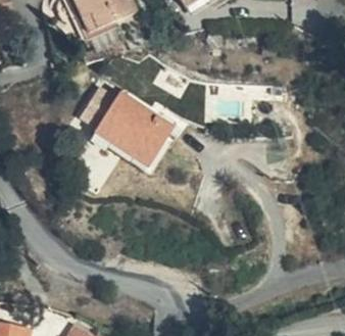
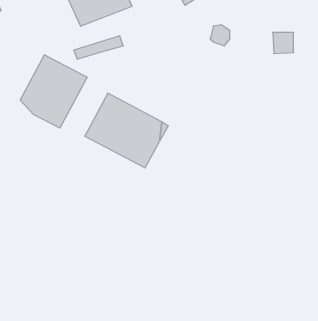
building: none -> [20,55,87,128]

